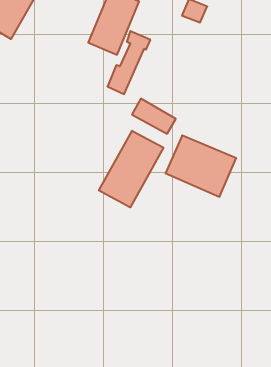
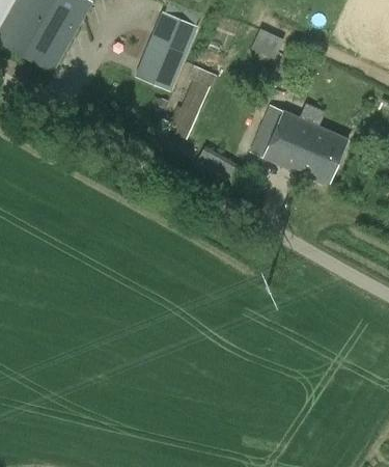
building: [99,131,163,207] -> none
building: [165,135,236,197] -> [261,110,345,183]

